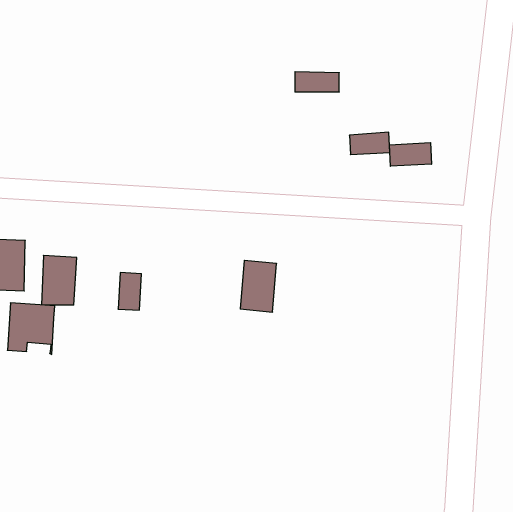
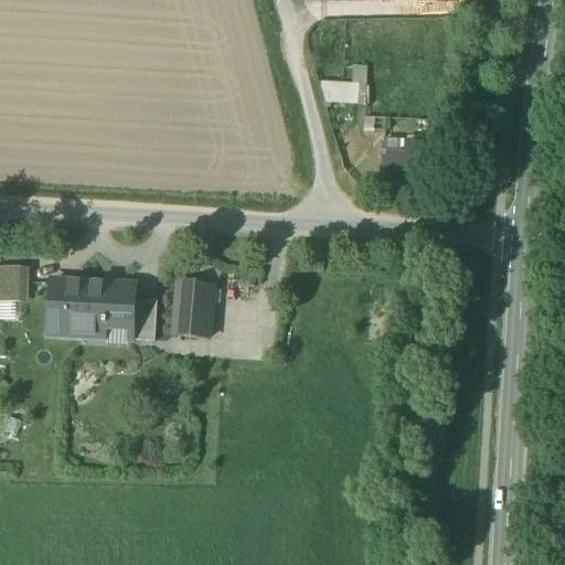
building: [389,143,431,166] -> none
building: [240,260,277,312] -> [171,280,211,337]
building: [7,303,55,354] -> [81,281,132,338]

